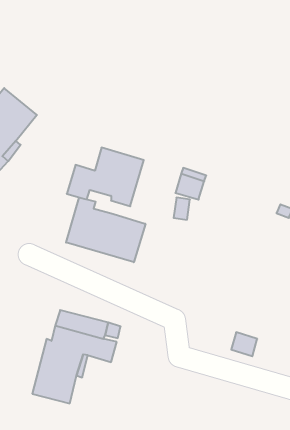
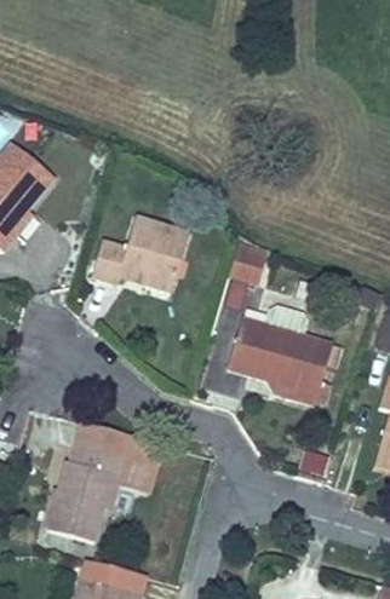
building: [66,198,145,262] -> none
building: none -> [228,318,343,394]

